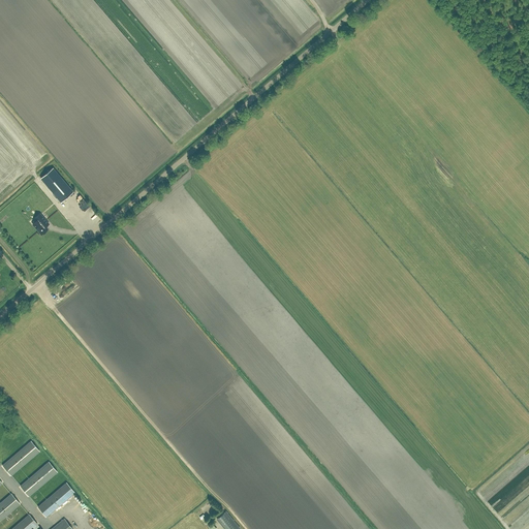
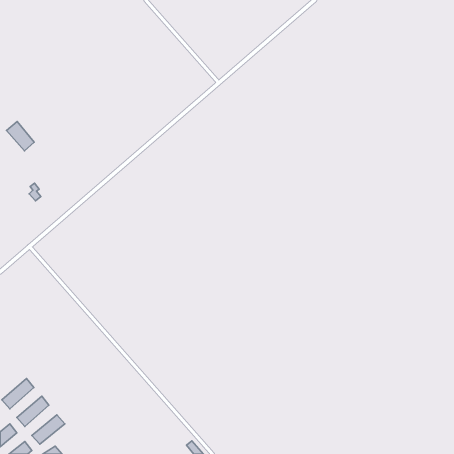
building: [40,167,72,201] -> [7,122,34,151]

